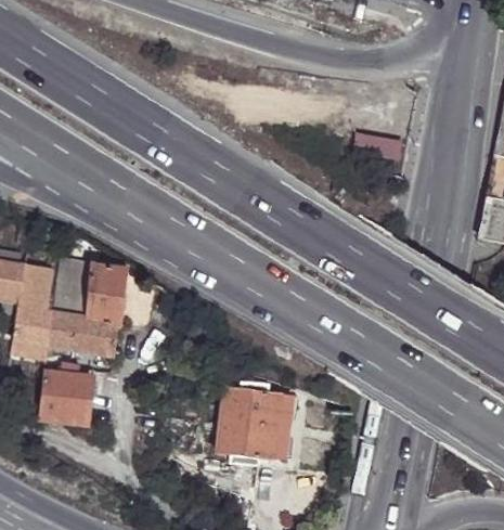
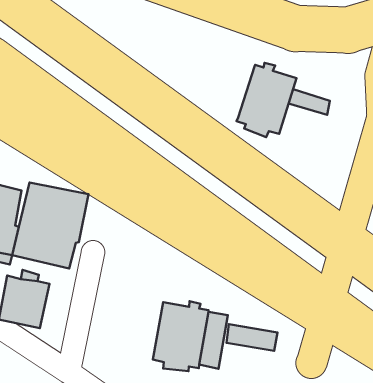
building: none -> [237,63,296,137]
building: none -> [226,324,277,351]

